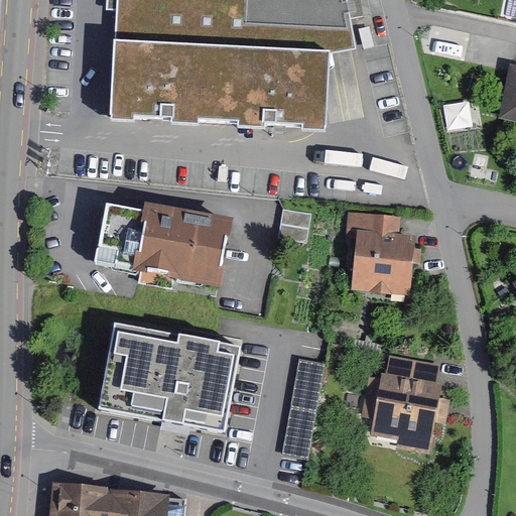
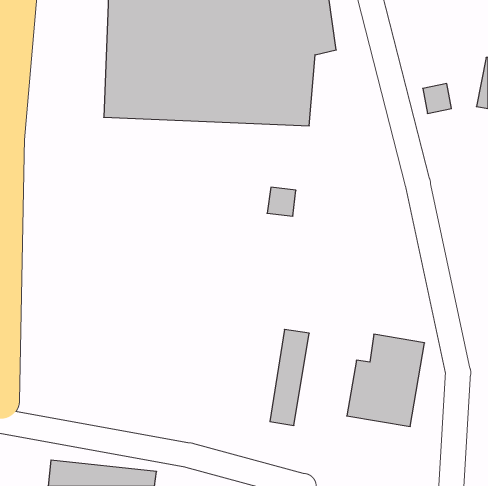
building: [96,201,231,285] -> none
building: [347,209,422,294] -> none
building: [99,324,241,429] -> none

